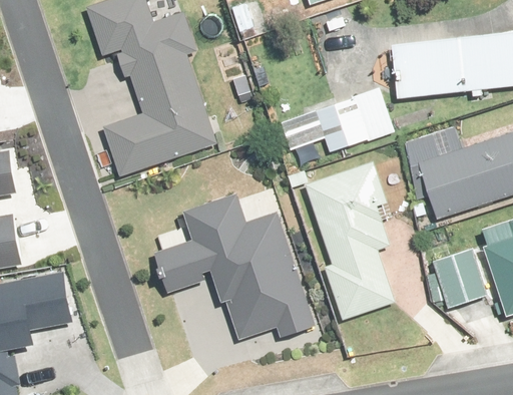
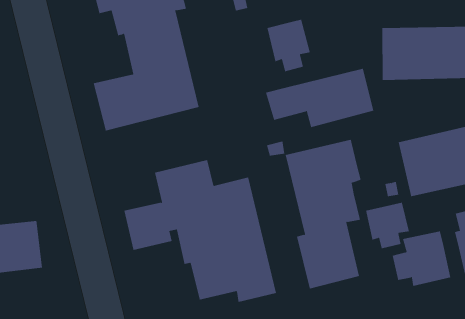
building: none -> [267,19,311,72]
building: none -> [366,202,409,249]

